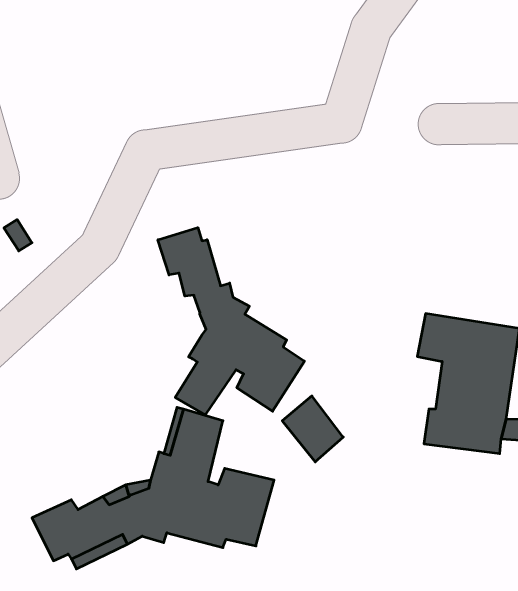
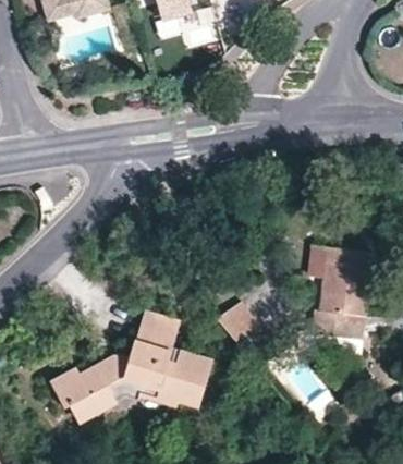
building: [158,228,304,415] -> none

